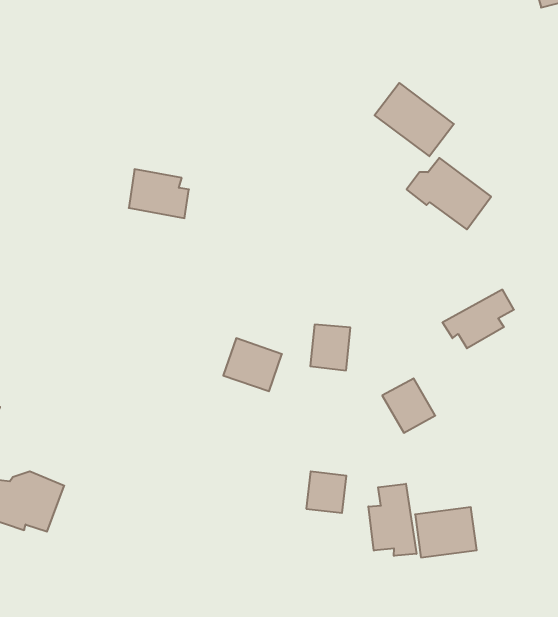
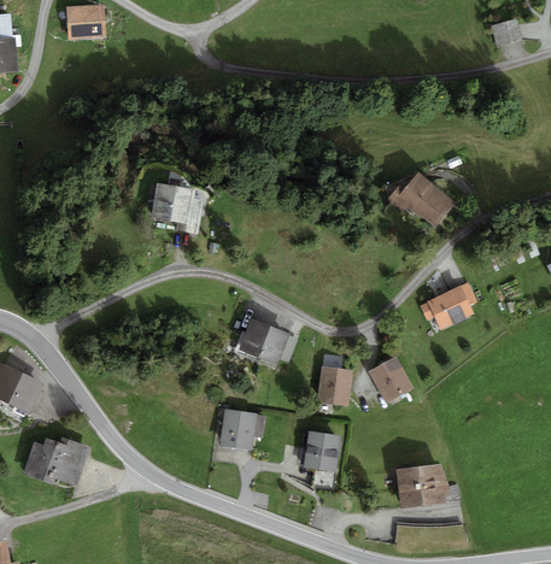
building: [375,83,454,156] -> none
building: [310,325,350,370] -> [313,370,347,409]
building: none -> [215,411,263,452]
building: [368,484,416,556] -> none

